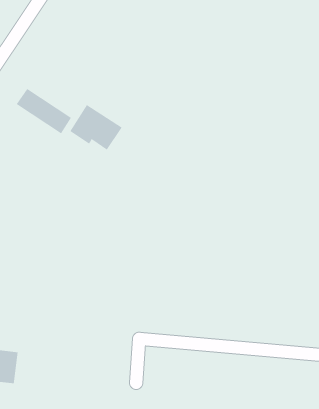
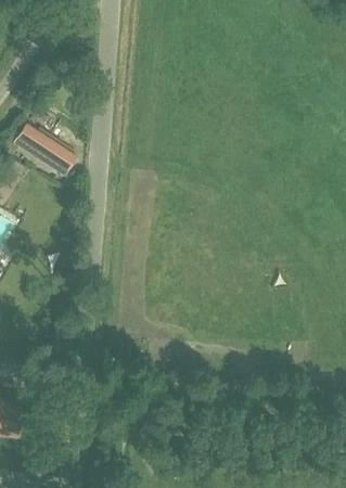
building: [69,104,122,151] -> none

